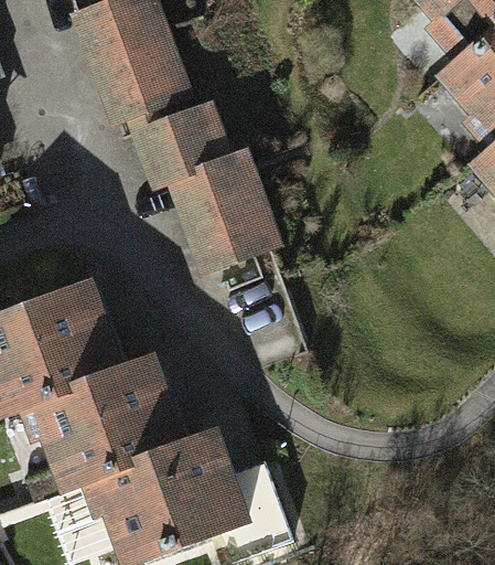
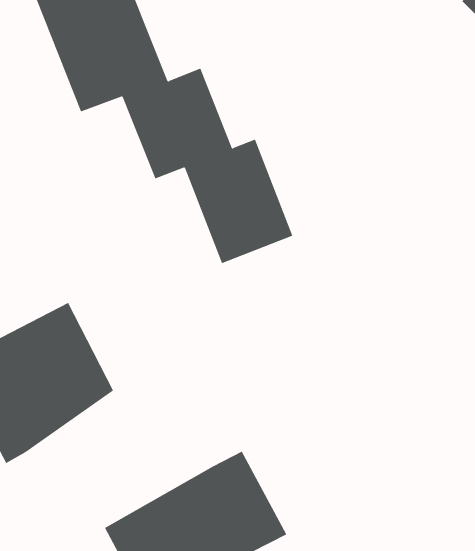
building: [46,365,206,509] -> none

